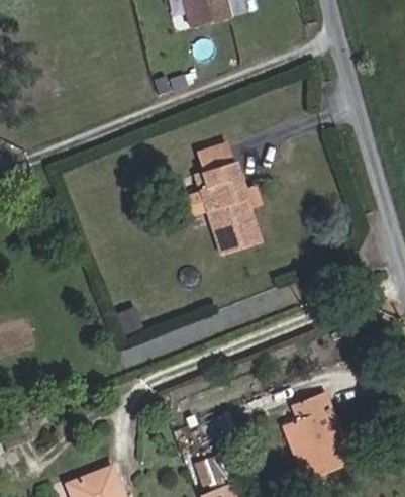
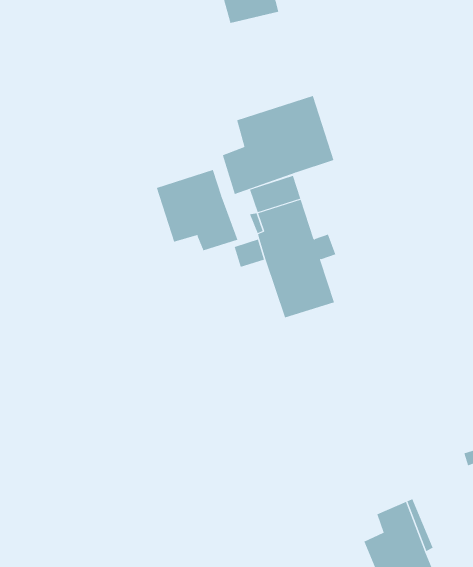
building: none -> [222,95,334,195]
building: none -> [156,169,238,251]

